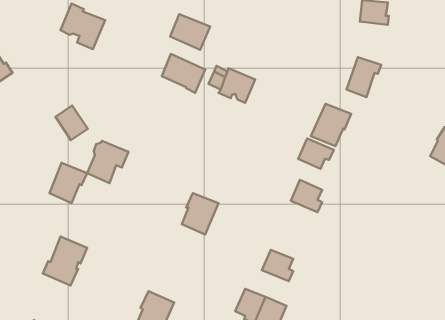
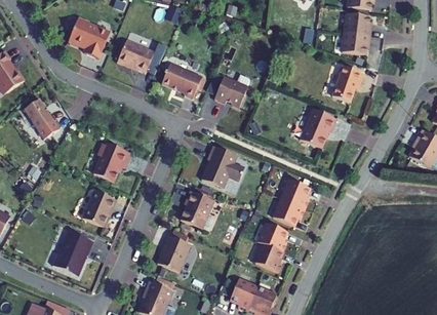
building: [170,14,210,50] -> [118,40,155,73]
building: none -> [342,33,370,54]
building: [55,106,88,140] -> [25,99,54,130]
building: [298,139,334,169] -> [273,198,306,226]
building: none -> [201,146,244,189]
building: [49,163,87,203] -> [82,190,117,227]
building: none -> [259,223,287,251]
building: none -> [158,235,191,272]

